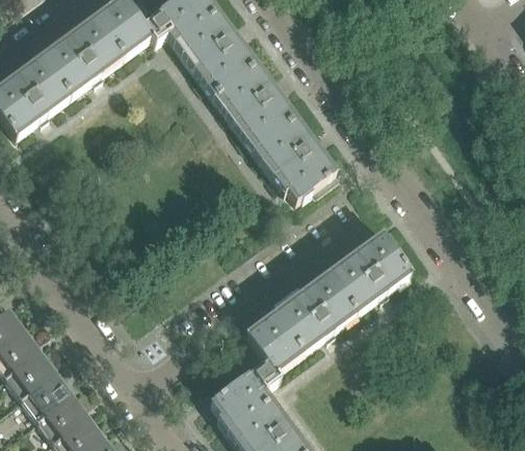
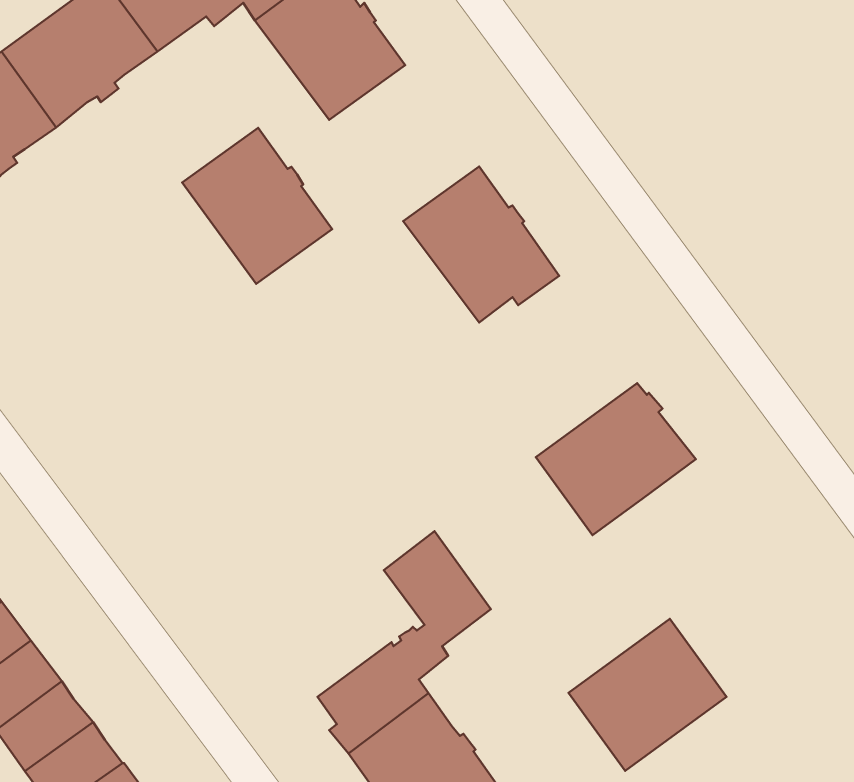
building: [214,63,294,147] -> [182,128,332,284]
building: [270,272,355,353] -> [569,619,726,771]

